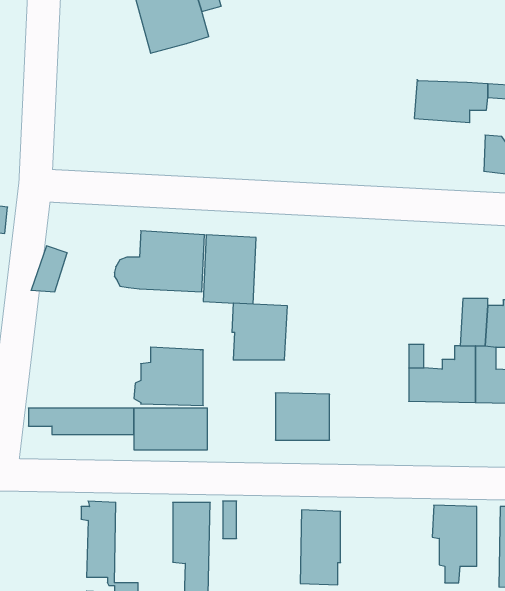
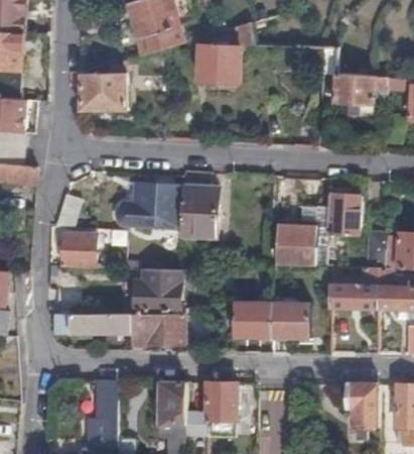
building: none -> [196,22,254,83]
building: none -> [79,60,126,110]
building: none -> [324,188,360,237]
building: none -> [60,234,95,266]
building: [232,303,287,360] -> [276,224,316,265]
building: none -> [271,303,309,337]
building: [300,510,341,585] -> [205,381,235,436]

